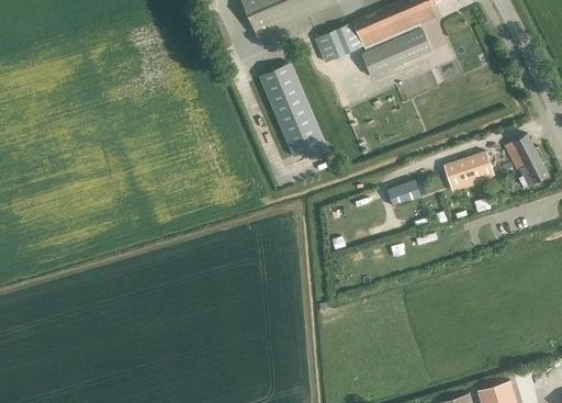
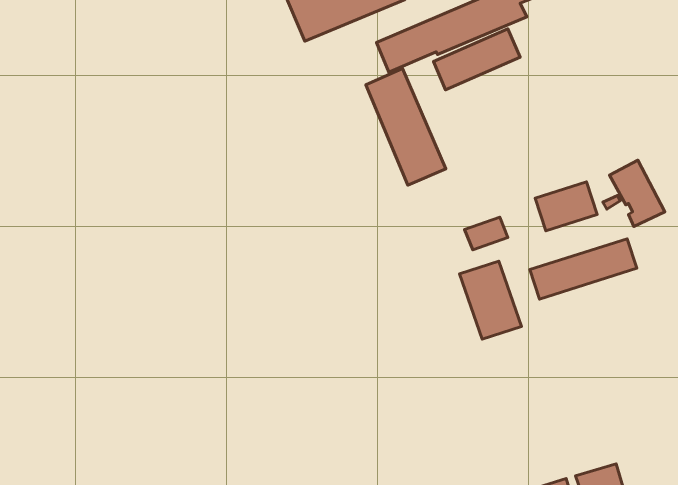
building: [259,63,324,157] -> [366,69,446,185]
building: none -> [530,239,637,299]
building: none -> [460,261,522,339]

